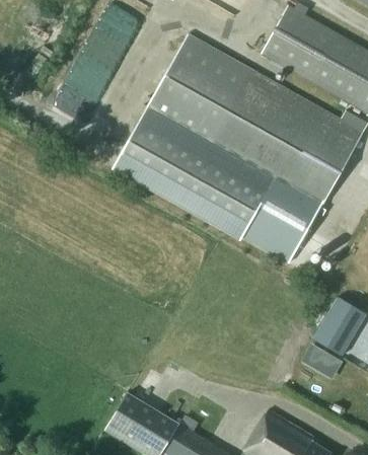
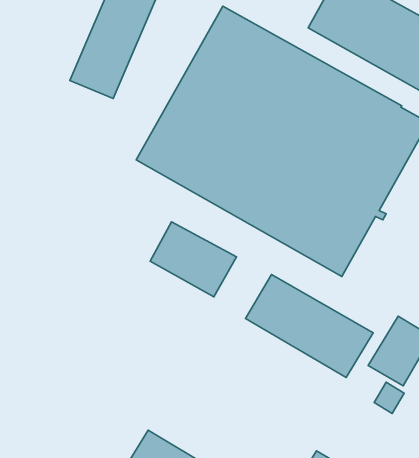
building: none -> [150,222,236,297]
building: none -> [246,274,373,378]

